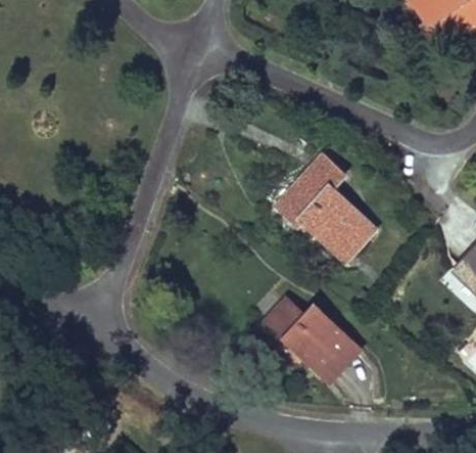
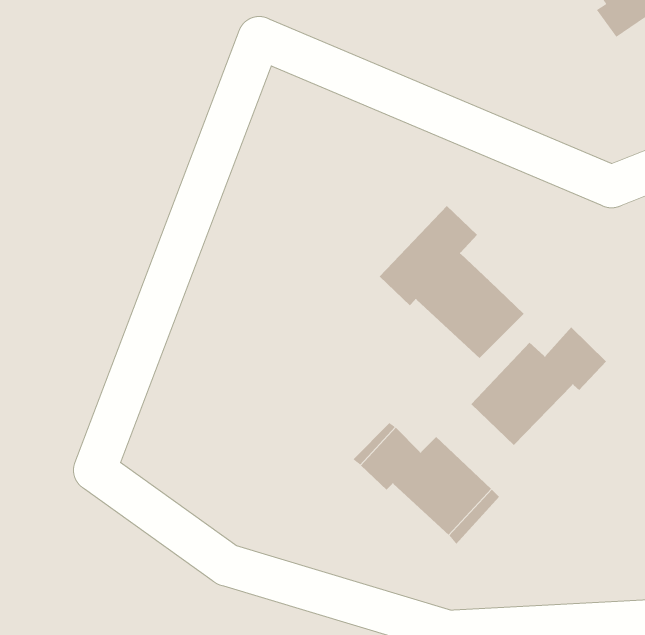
building: none -> [470,327,607,446]

